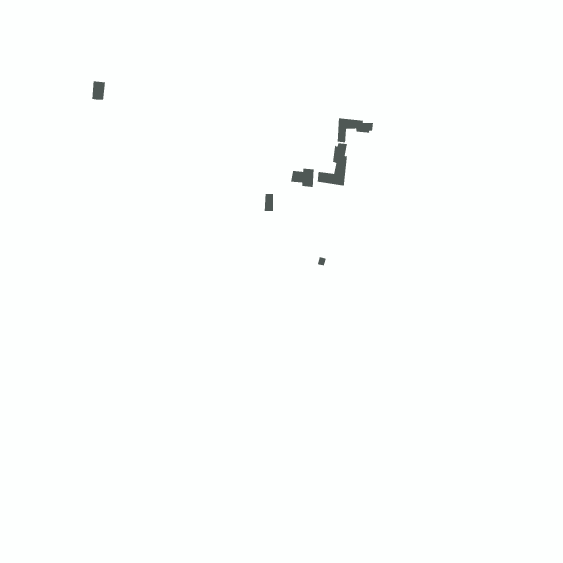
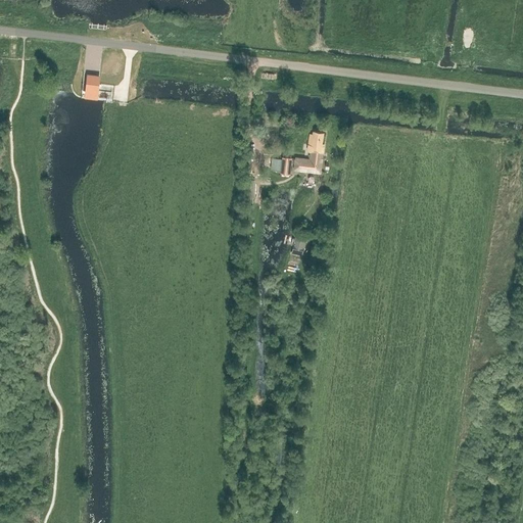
building: [337,117,374,143] -> none

